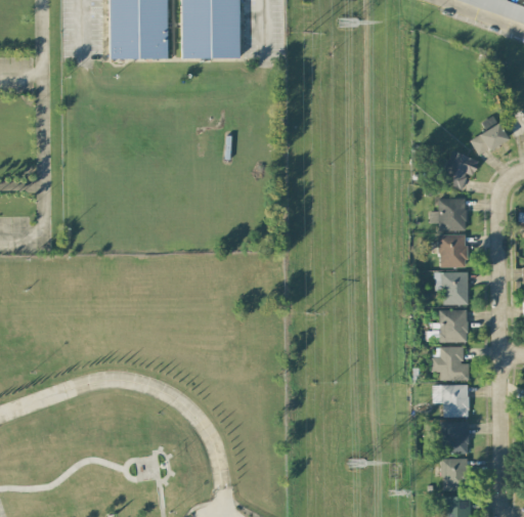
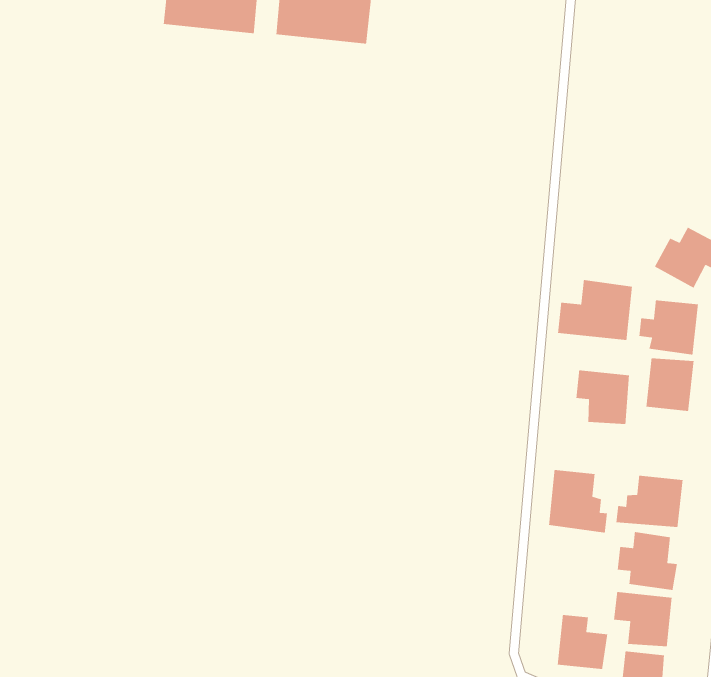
building: none -> [557,279,633,341]
building: [436,271,470,304] -> [575,369,630,425]
building: none -> [548,469,608,534]
building: none -> [557,614,608,670]

